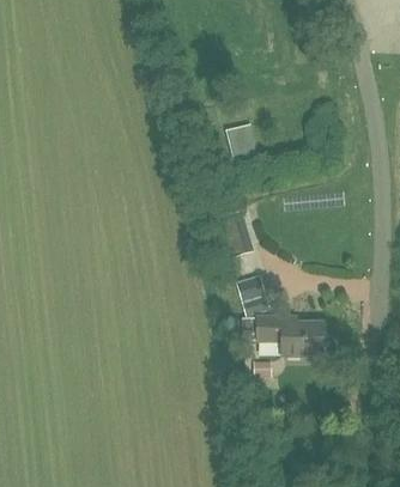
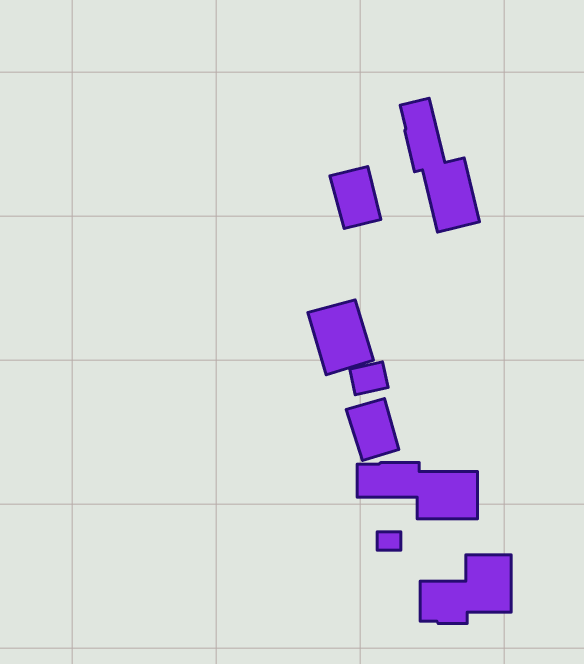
building: none -> [400,98,480,232]
building: none -> [420,555,511,623]

